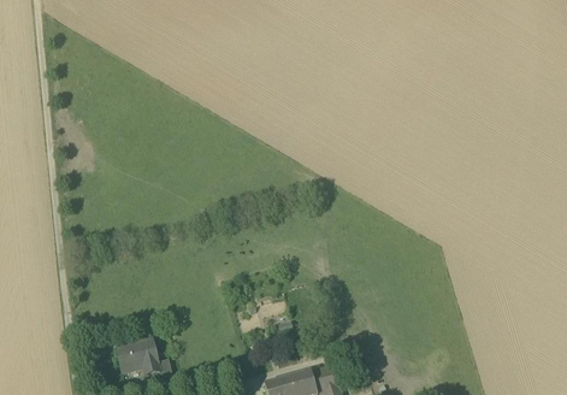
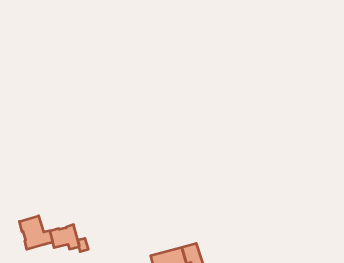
building: none -> [19,216,52,249]

